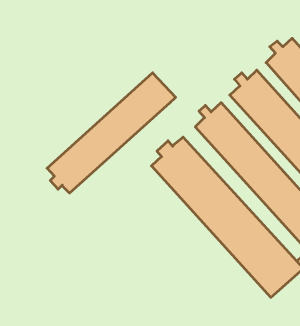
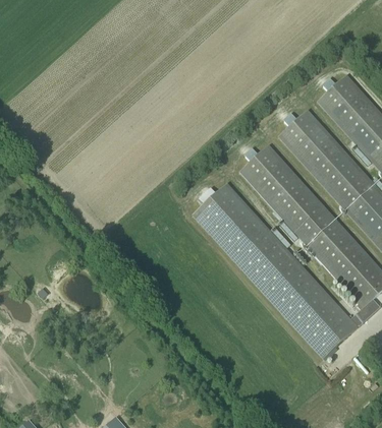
building: [47,73,176,193] -> none

